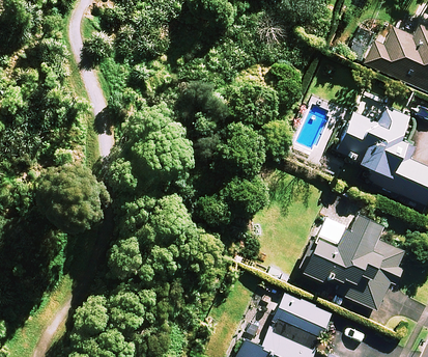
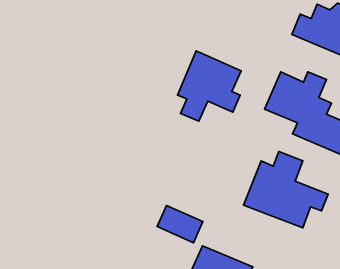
building: none -> [177,51,241,121]
building: [275,295,331,340] -> [157,205,203,243]

